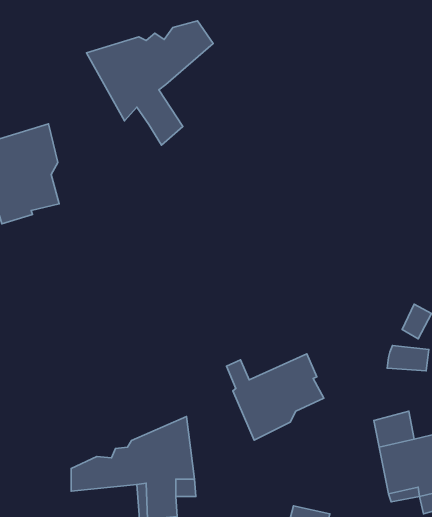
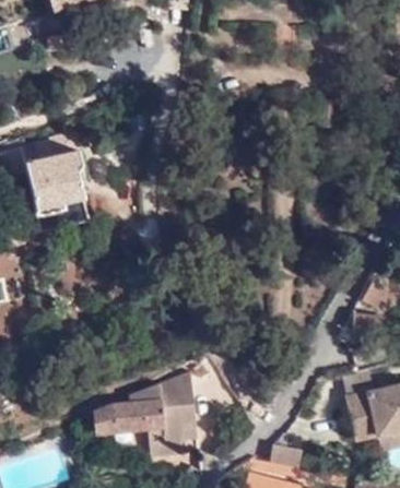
building: [87,21,213,145] -> none
building: [226,354,324,440] -> none

